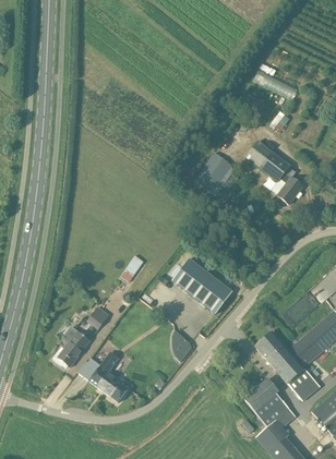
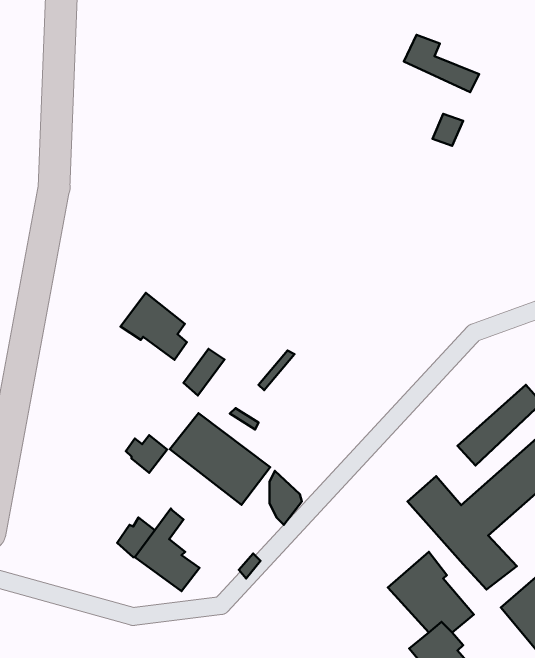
building: [245,140,303,204] -> none
building: [194,152,232,193] -> none
building: none -> [121,293,187,360]
building: [172,258,233,314] -> [170,413,270,505]
building: [52,325,89,366] -> none

